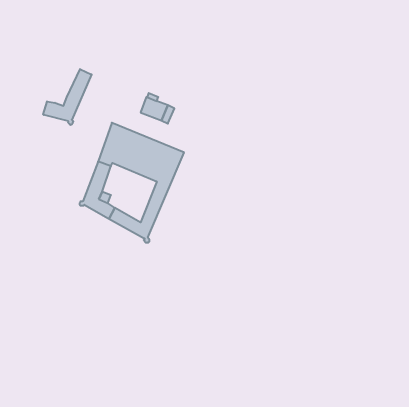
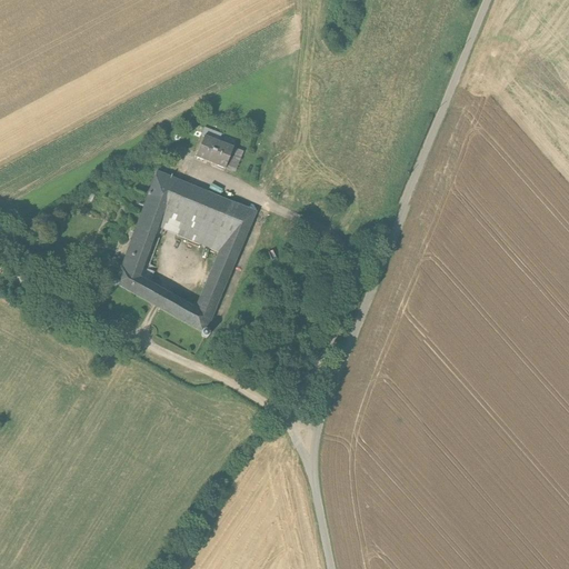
building: [43,69,92,125] -> none

